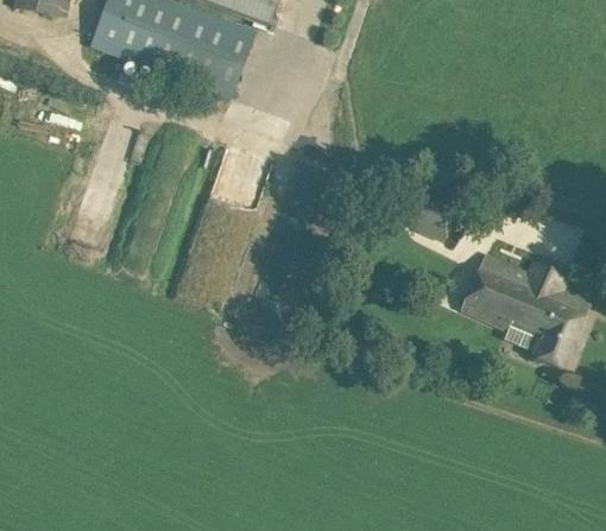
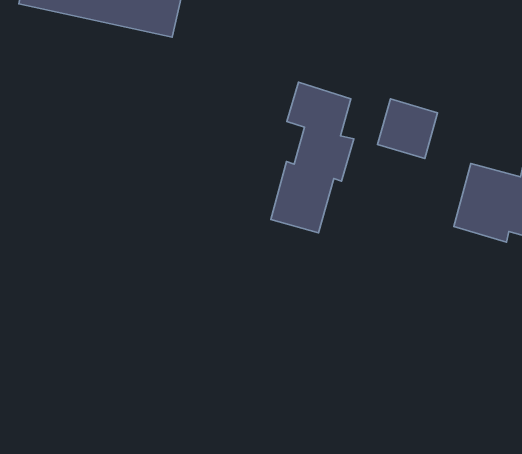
building: none -> [271,82,354,233]

